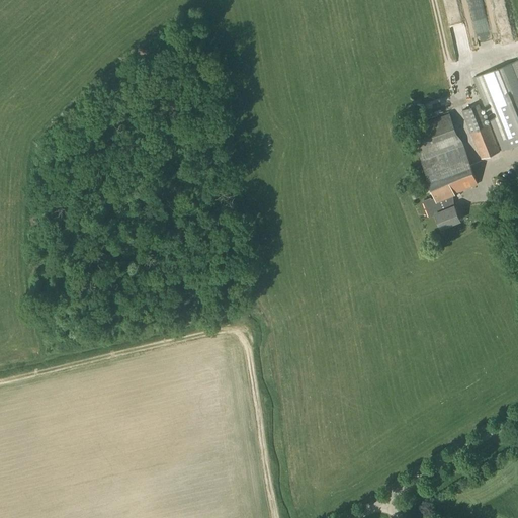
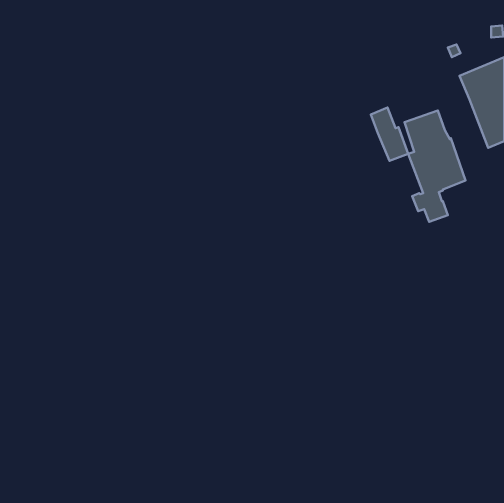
building: [461,105,500,160] -> [371,108,408,161]

